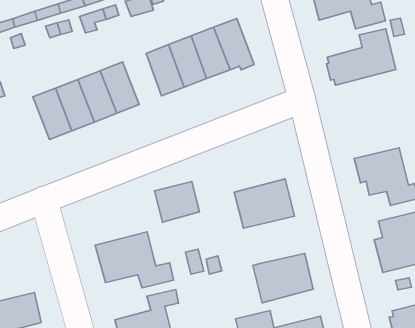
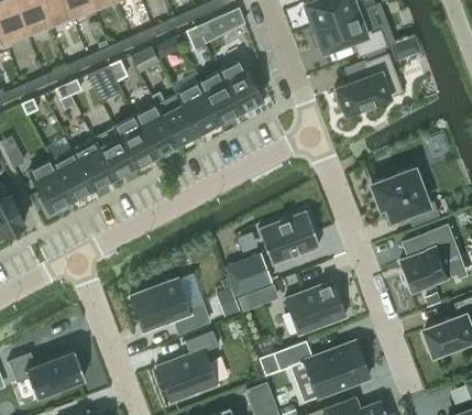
building: none -> [135,106,177,156]
building: none -> [30,161,73,218]
building: [155,181,200,222] -> [226,254,272,297]

